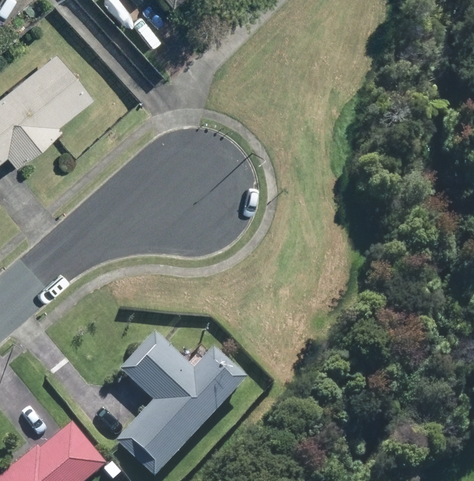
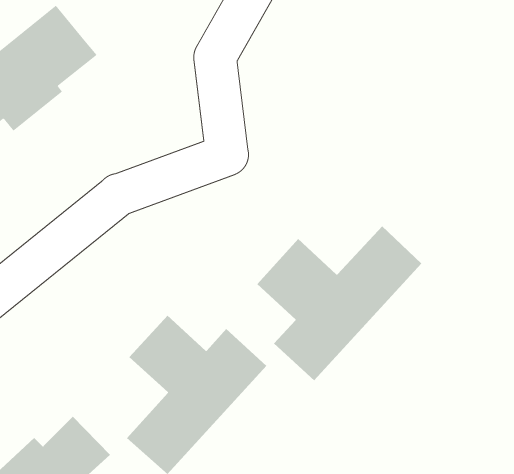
building: none -> [256,226,422,381]

